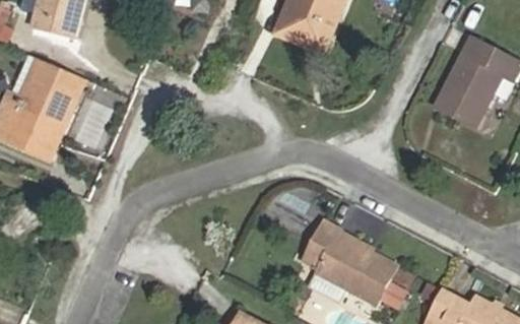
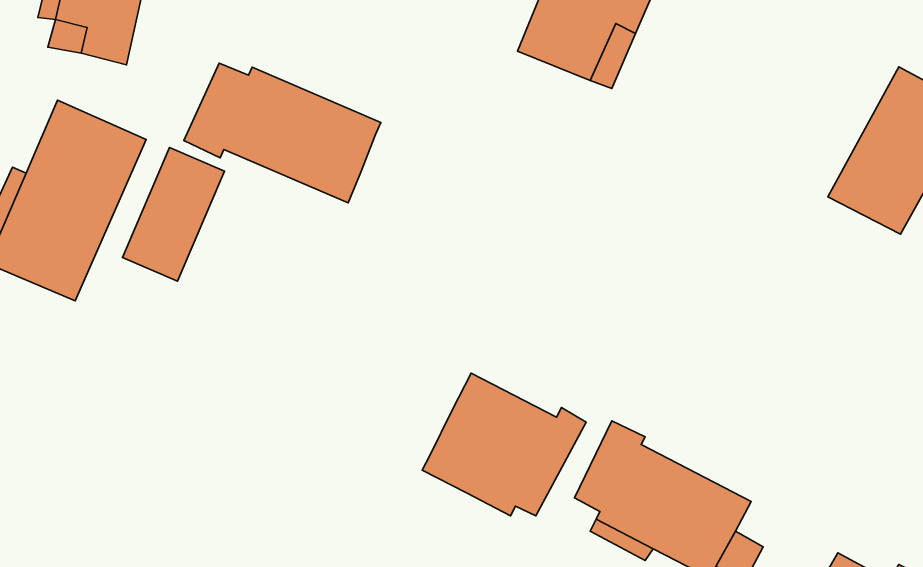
building: none -> [184,63,381,203]
building: none -> [422,373,586,516]

